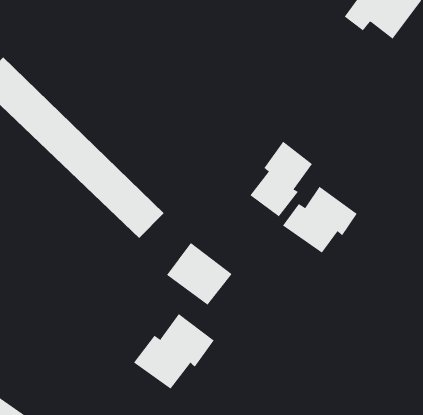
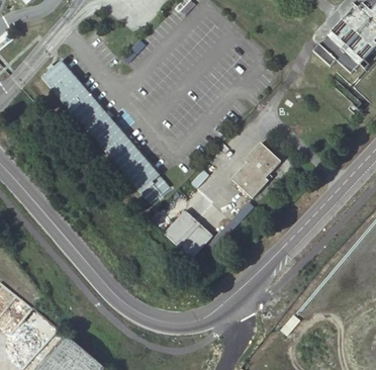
building: [282,186,357,253] -> none
building: [133,313,215,389] -> none

